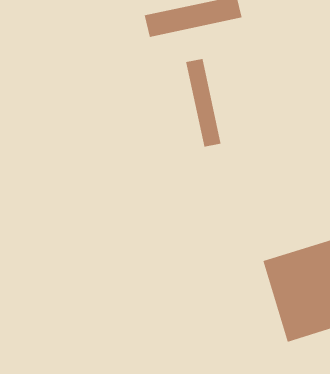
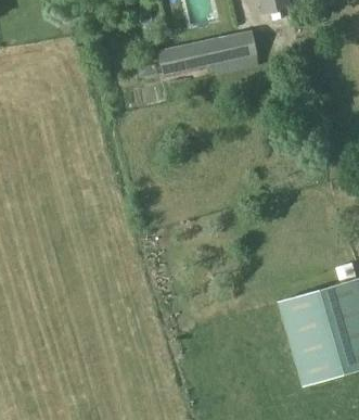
building: [185,58,221,148] -> none

